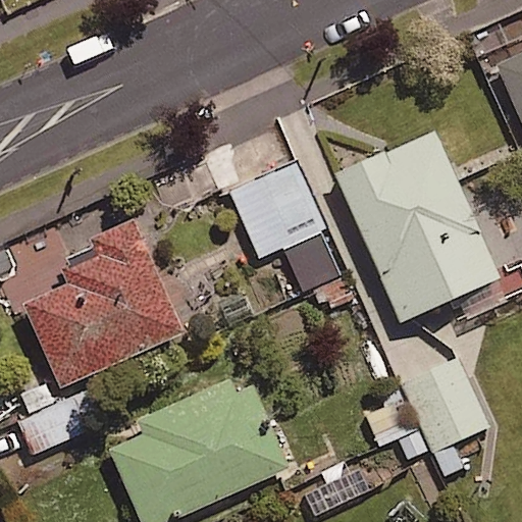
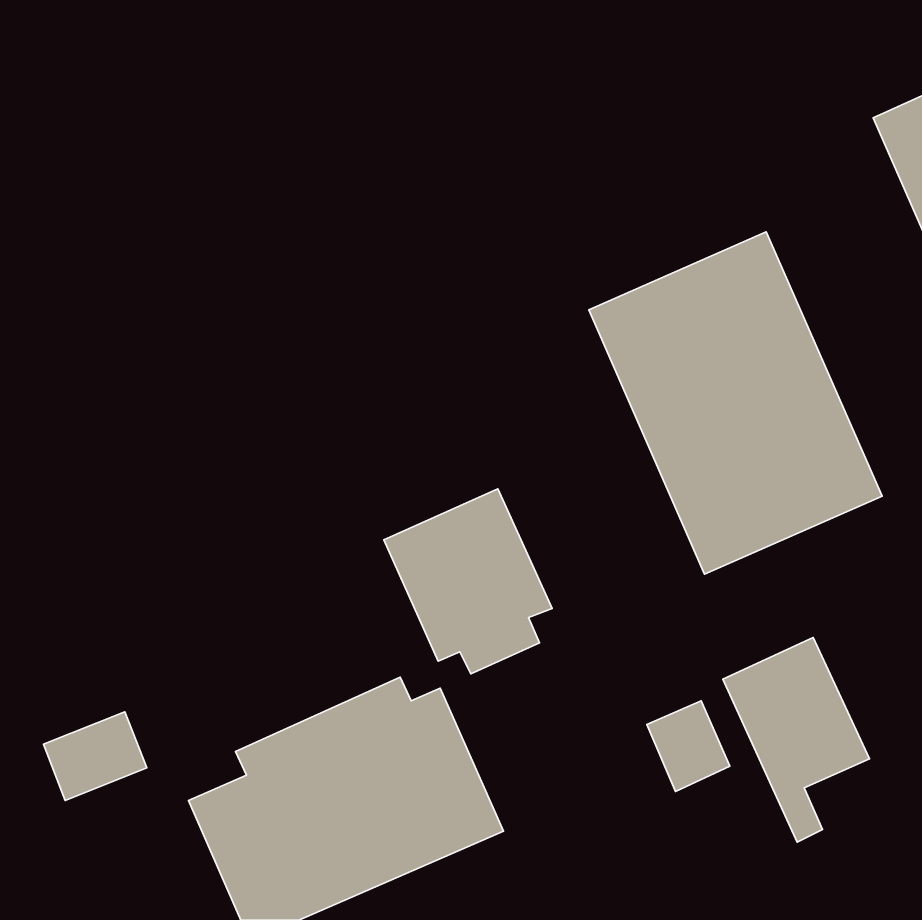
building: [233,163,328,267] -> [384,489,552,674]
building: [23,219,181,386] -> none

